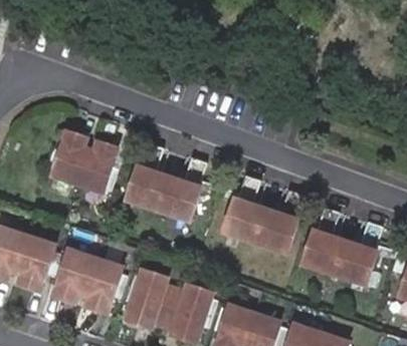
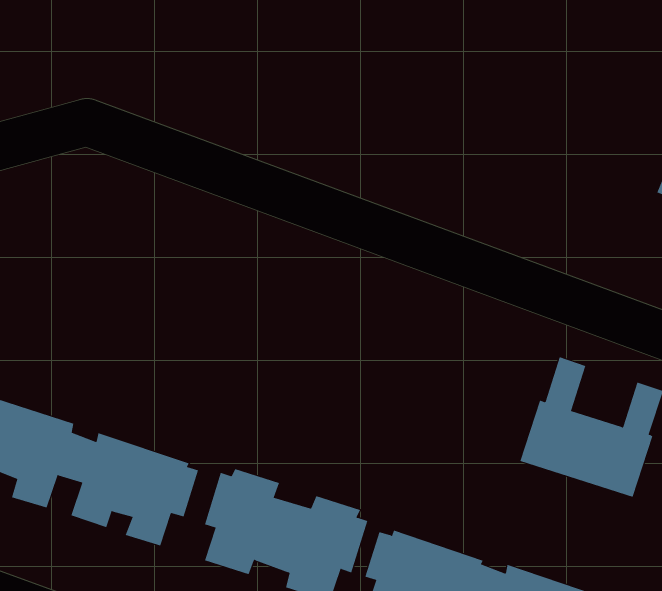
building: [47,130,118,192] -> none
building: [126,142,206,221] -> none
building: [224,175,303,253] -> none

